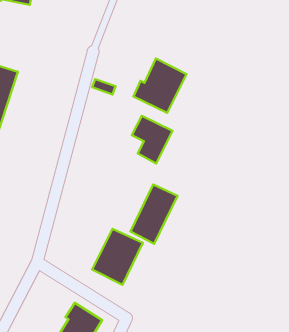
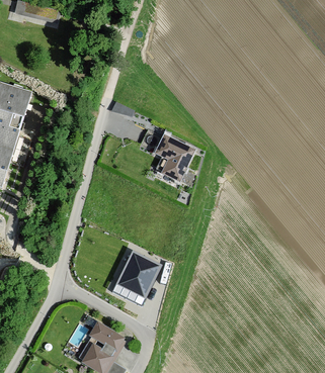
building: [133,58,187,113] -> none
building: [130,184,178,244] -> none

